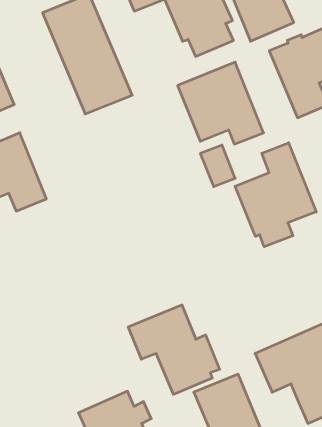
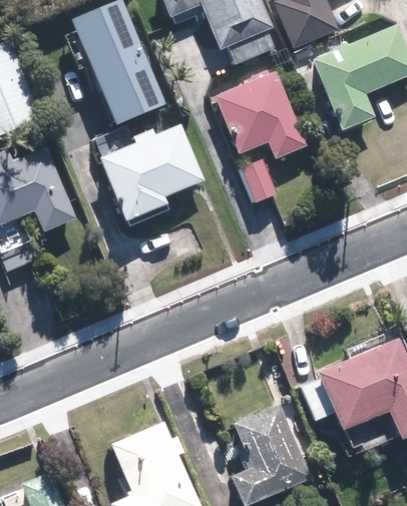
building: none -> [99,125,205,219]
building: [235,143,316,247] -> none
building: [128,305,220,394] -> none

